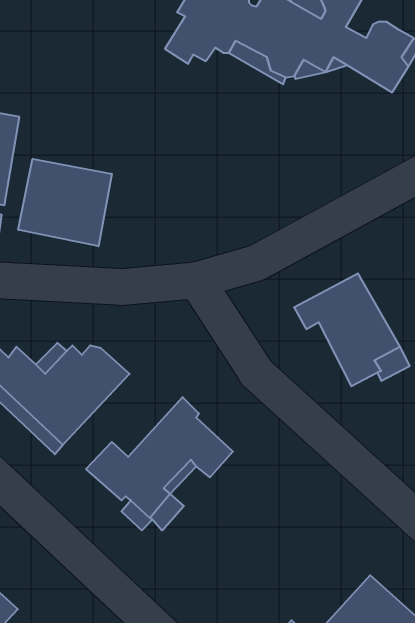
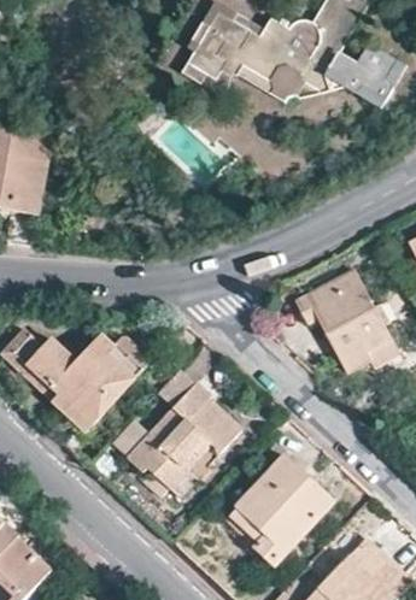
building: [18,159,112,246] -> none
building: none -> [227,455,335,565]

